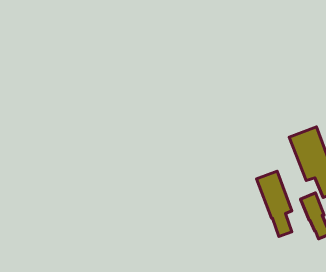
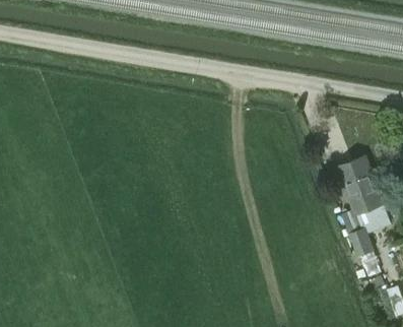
building: [256,171,292,237] -> none

